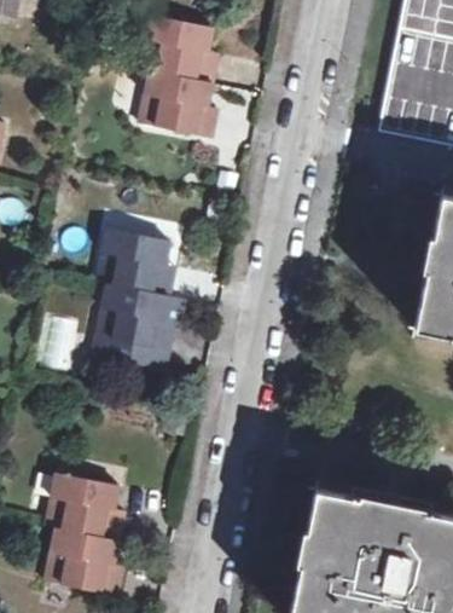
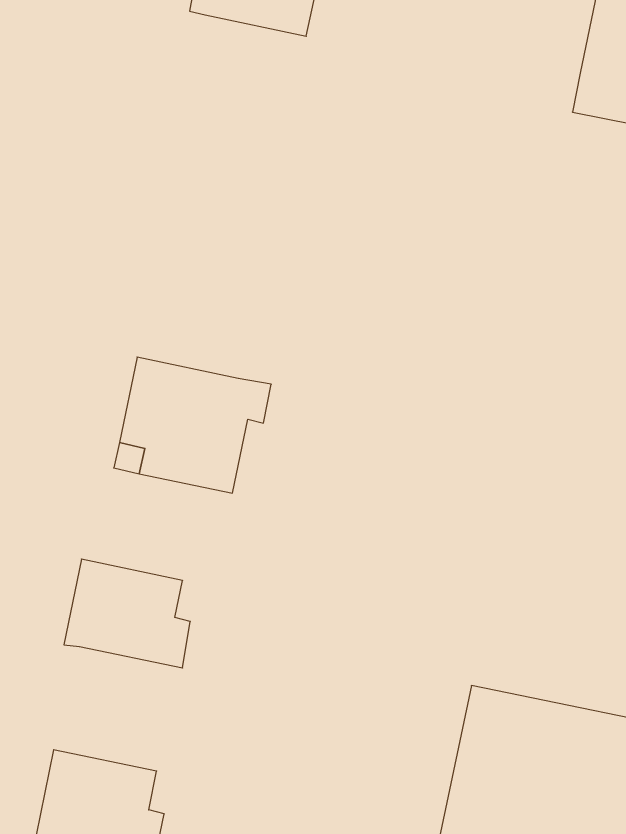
building: [139,70,219,139] -> none
building: [97,227,176,296] -> none
building: [46,473,124,540] -> [64,559,190,668]

